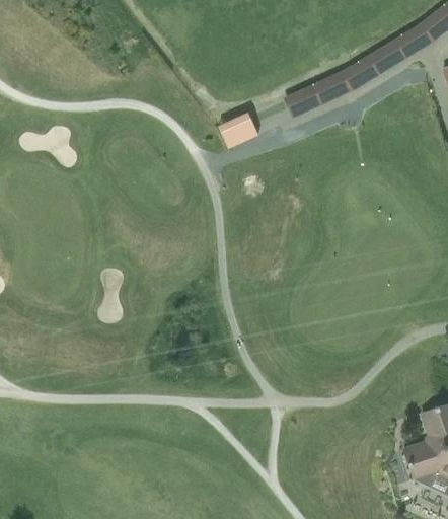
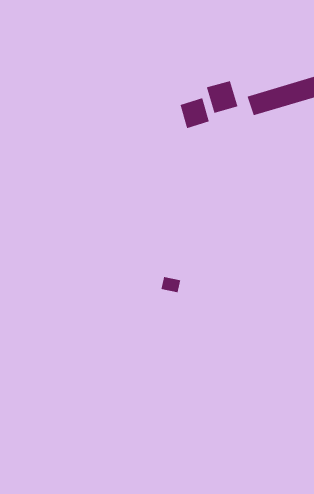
building: none -> [206,80,238,114]

